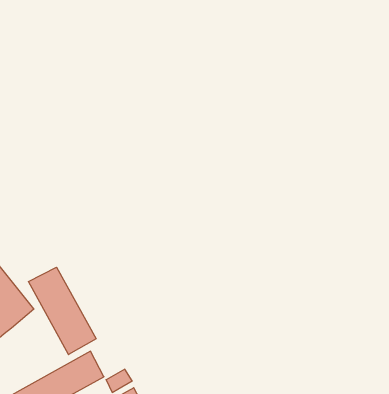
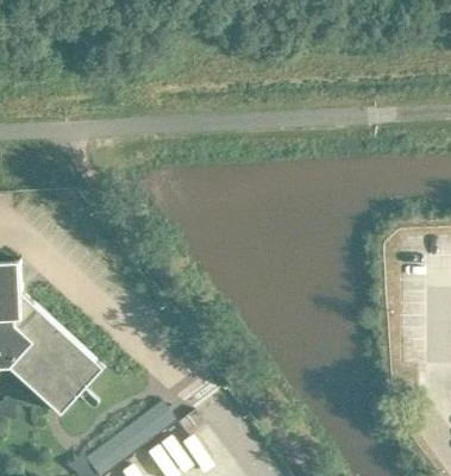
building: [28,267,96,355] -> none

